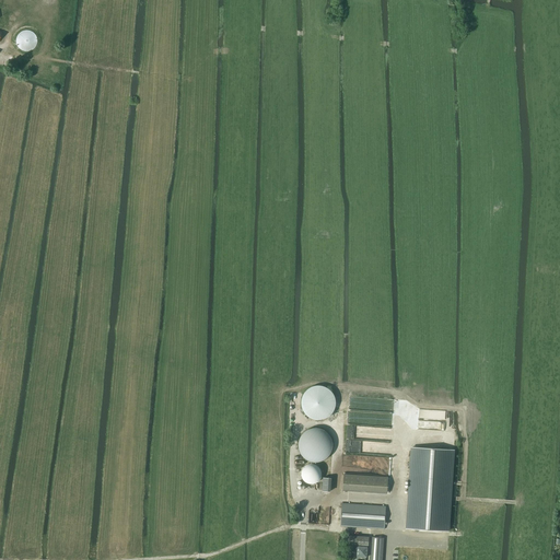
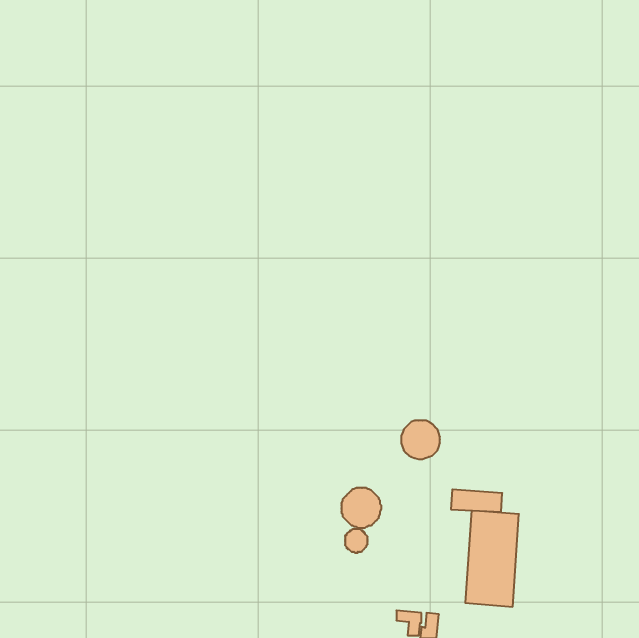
building: [302,385,336,419] -> [401,421,440,459]
building: [343,472,388,492] -> [451,489,502,512]
building: [340,502,386,528] -> none

